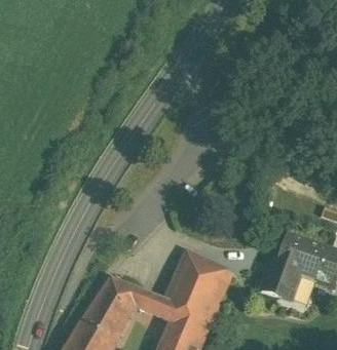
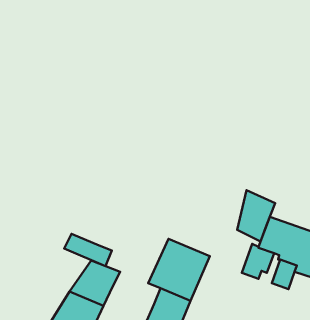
building: none -> [237,190,275,242]
building: [133,286,180,318] -> [64,234,112,266]

